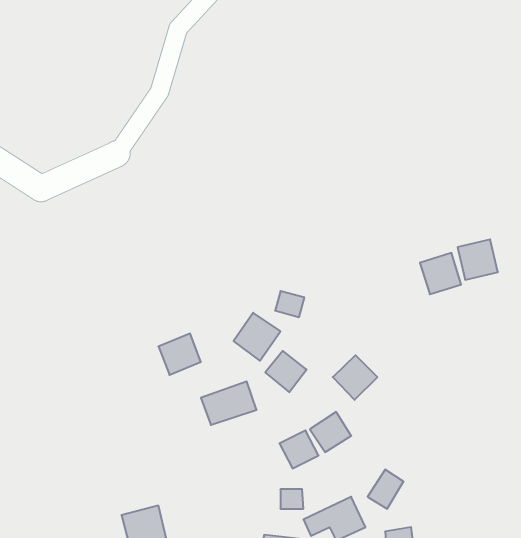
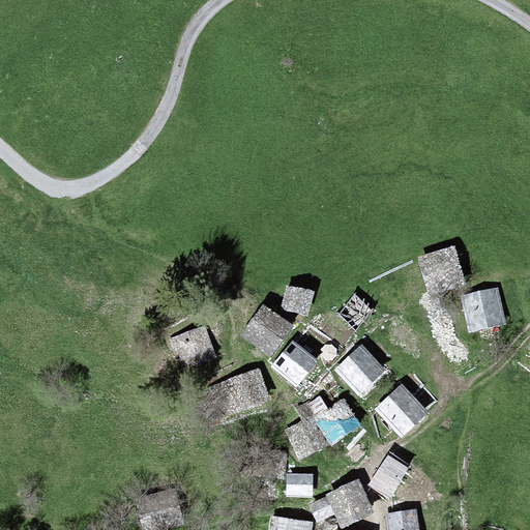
building: [458,239,498,280] -> [465,288,503,326]
building: none -> [379,385,425,432]

